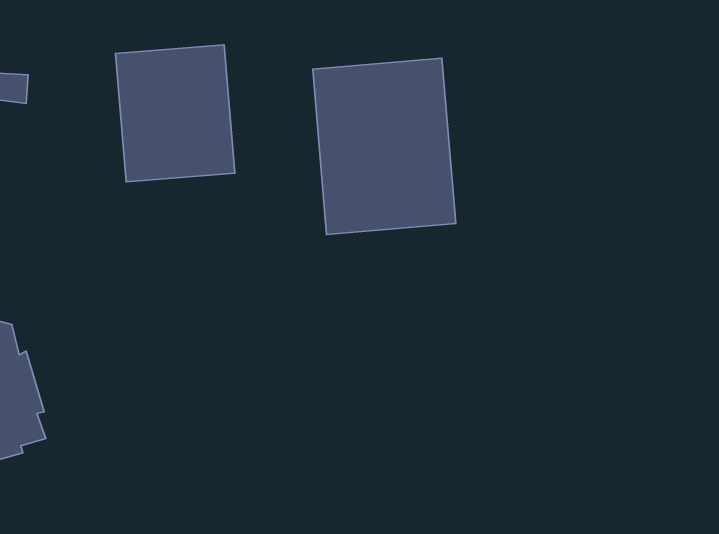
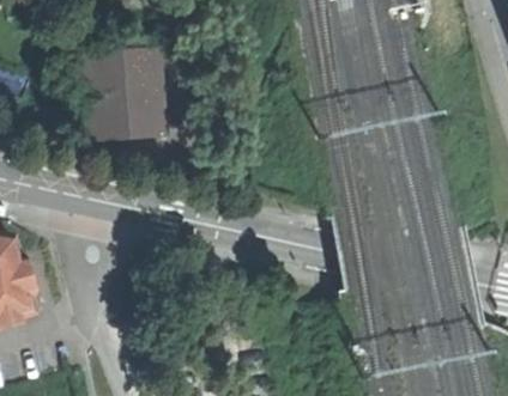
building: [313,58,456,234] -> none

